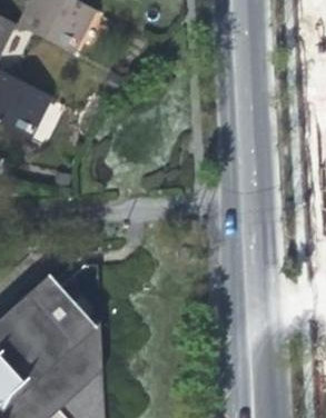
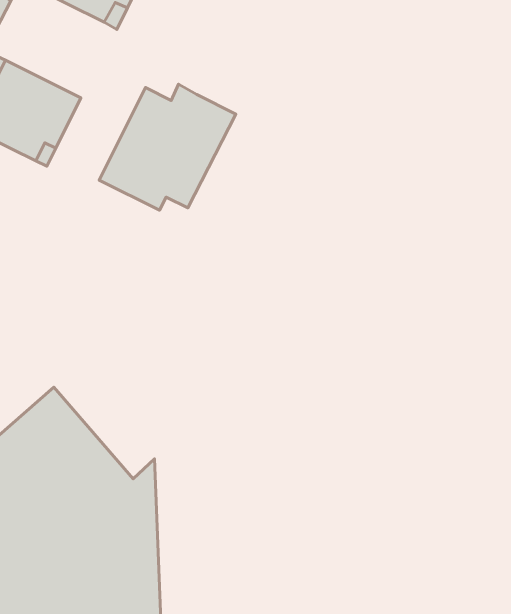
building: none -> [99,84,236,210]

